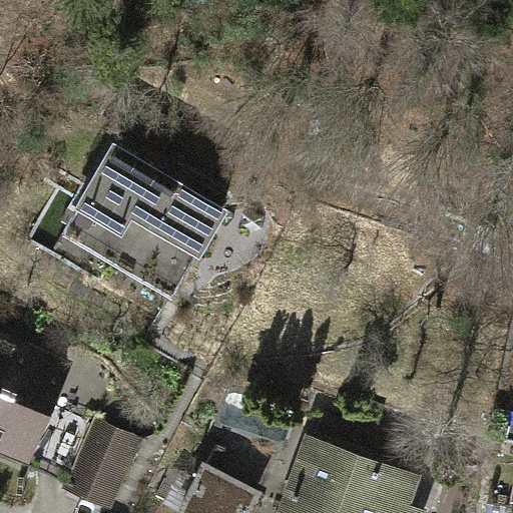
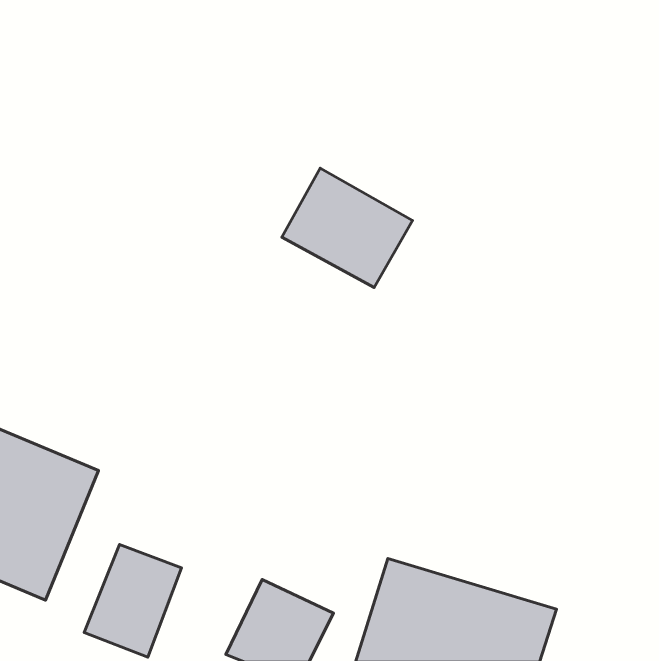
building: none -> [282,168,412,288]
building: [54,151,216,305] -> none

